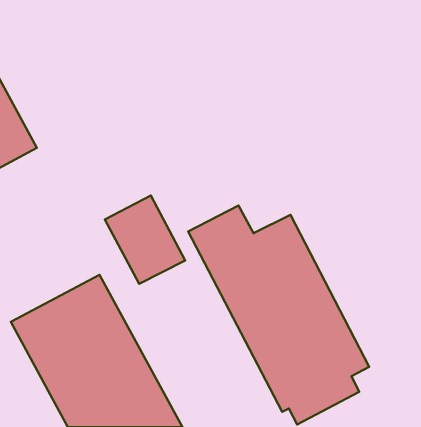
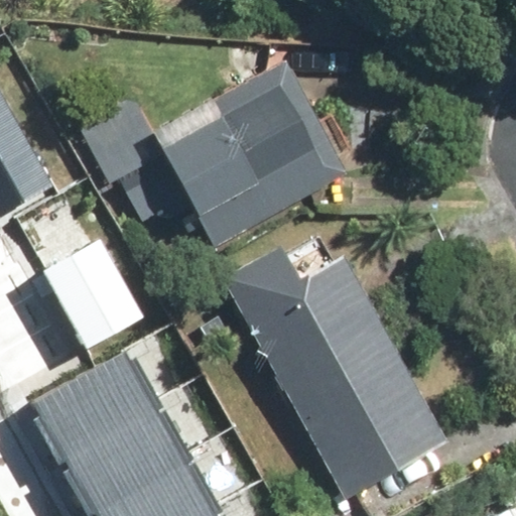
building: none -> [154,59,351,247]
building: [105,195,185,284] -> [29,227,126,334]

